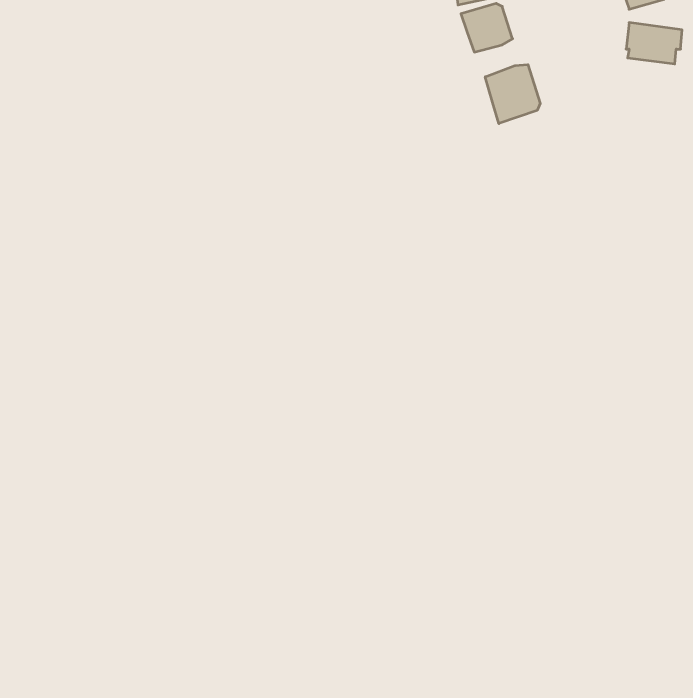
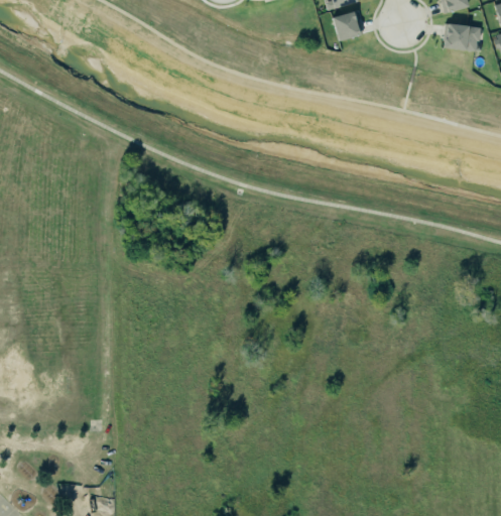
building: [485,65,540,124] -> none

